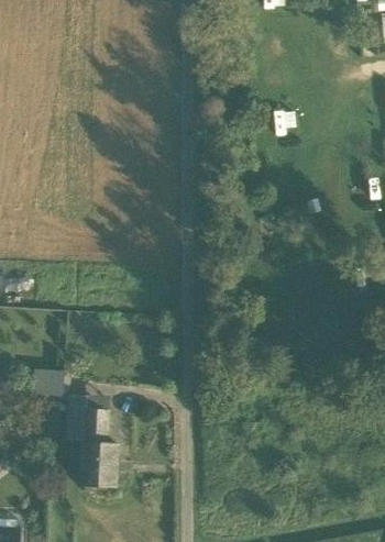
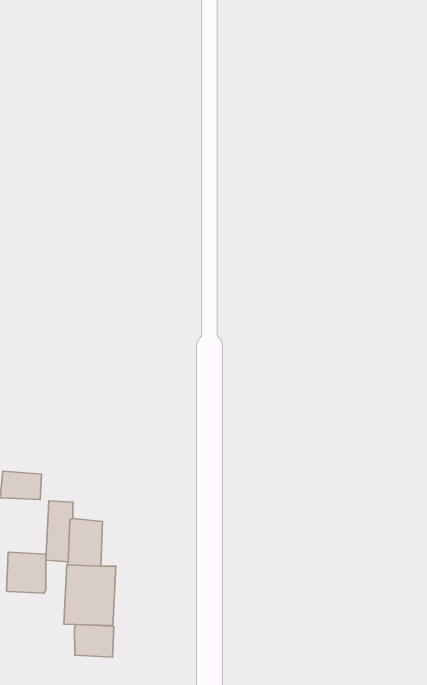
building: none -> [7,552,46,593]
building: none -> [75,624,114,657]

